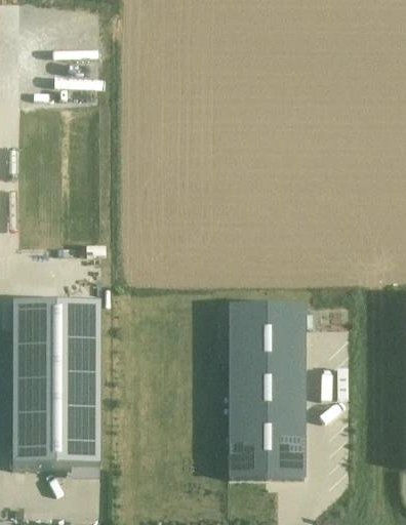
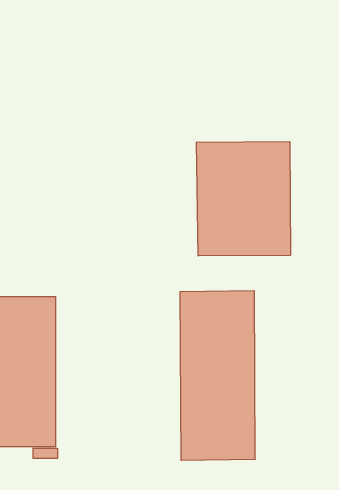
building: none -> [197,142,290,256]

